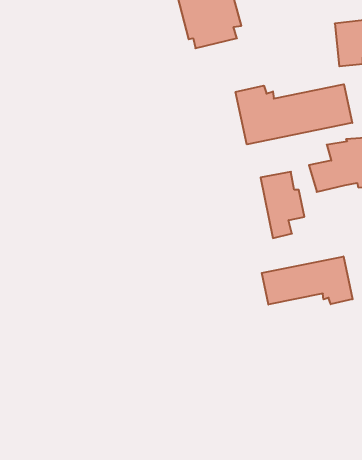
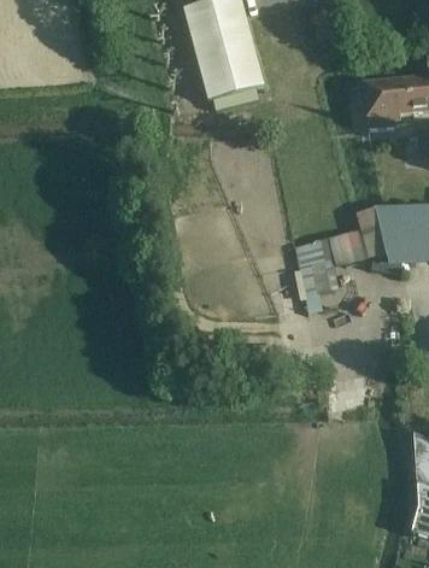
building: [236,84,352,144] -> none
building: [262,256,353,305] -> none

